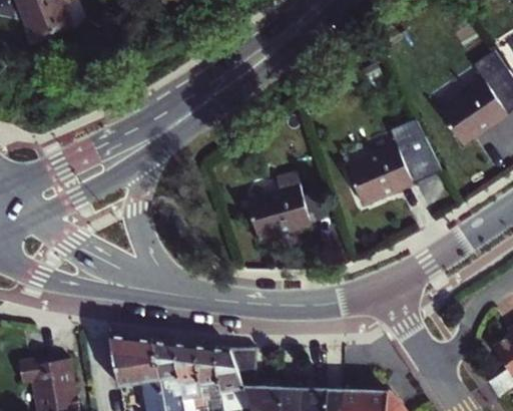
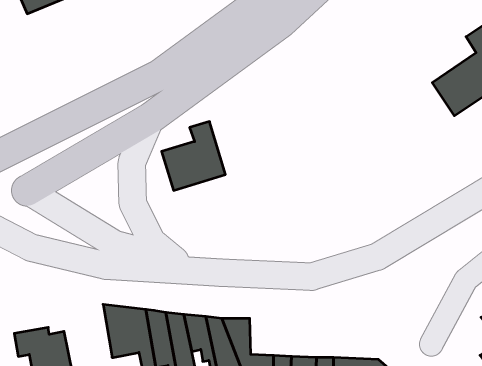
building: [347,119,442,208] -> none
building: [247,173,312,243] -> [162,122,225,190]

